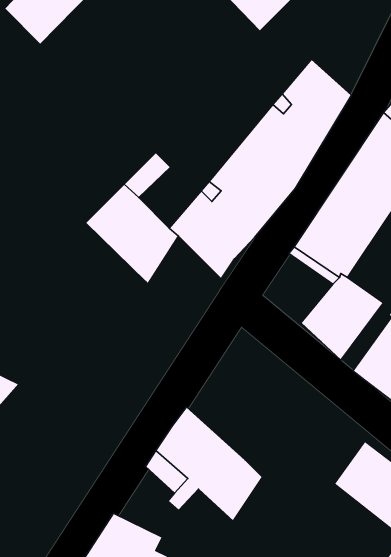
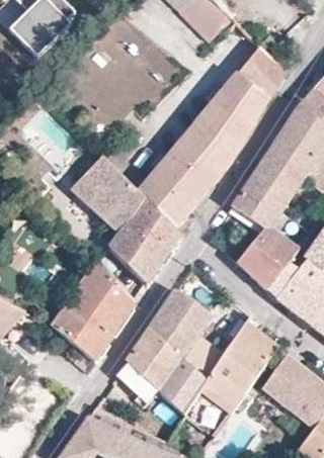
building: none -> [245,45,285,90]
building: none -> [109,197,180,284]
building: none -> [51,264,134,361]
building: none -> [150,289,214,367]
building: none -> [185,320,278,433]

